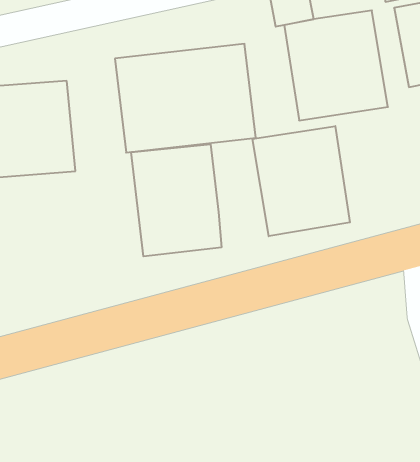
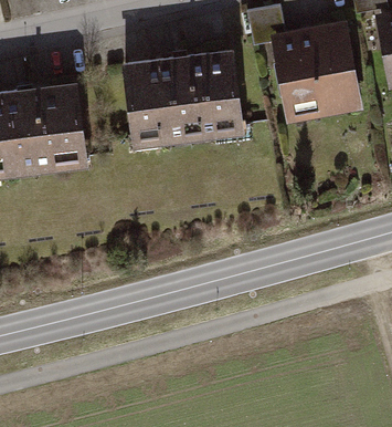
building: [252,126,350,236] -> none
building: [131,144,221,256] -> none

